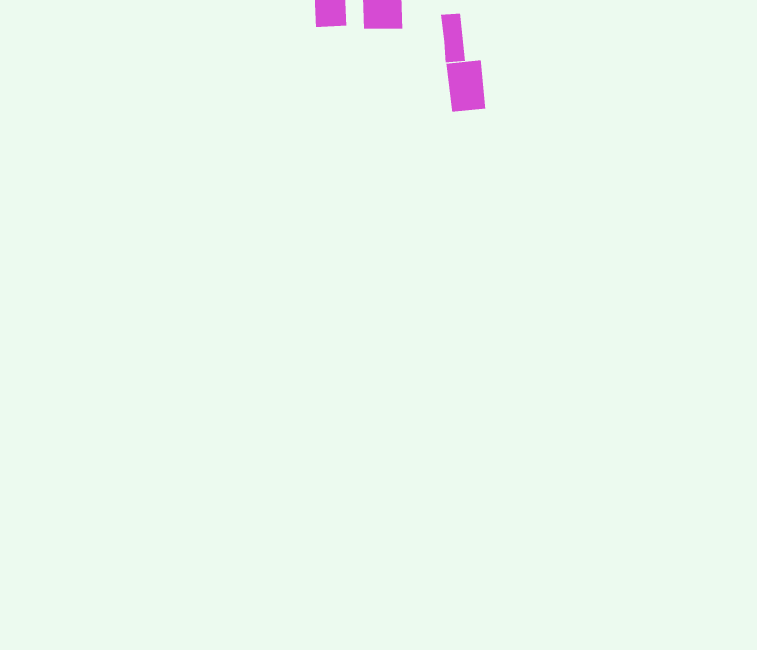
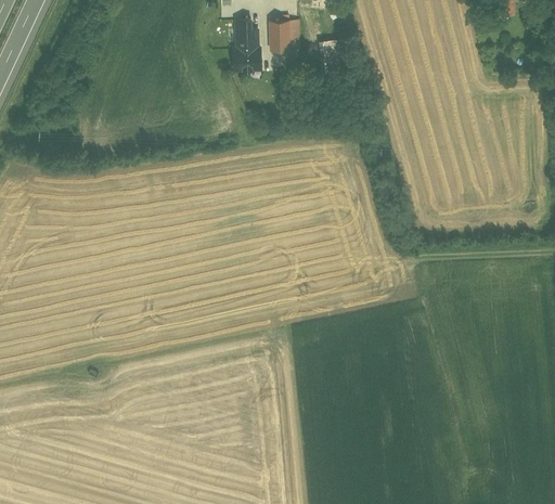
building: none -> [232,48,259,69]
building: [446,60,486,112] -> none

